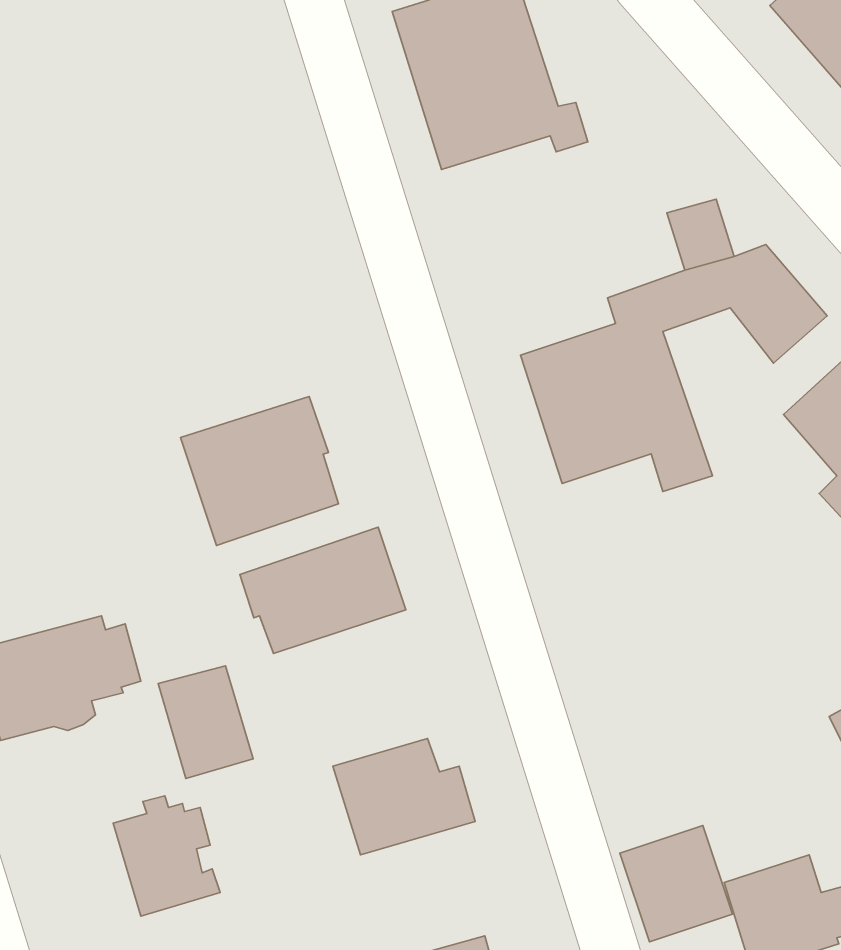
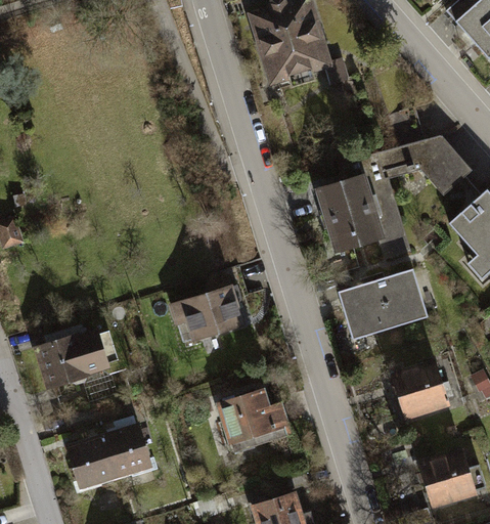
building: [180,396,338,545] -> none
building: none -> [339,269,428,341]
building: [158,666,253,778] -> [68,433,117,491]
building: [620,825,733,942] -> [392,361,450,422]

